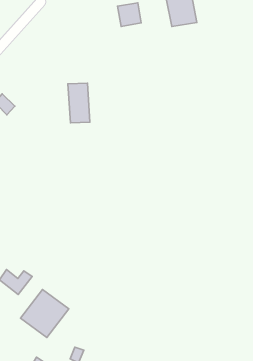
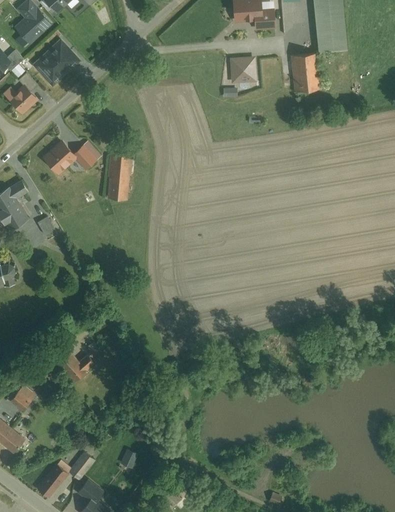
building: [68,83,90,123] -> [103,151,129,199]
building: [21,290,69,337] -> none

